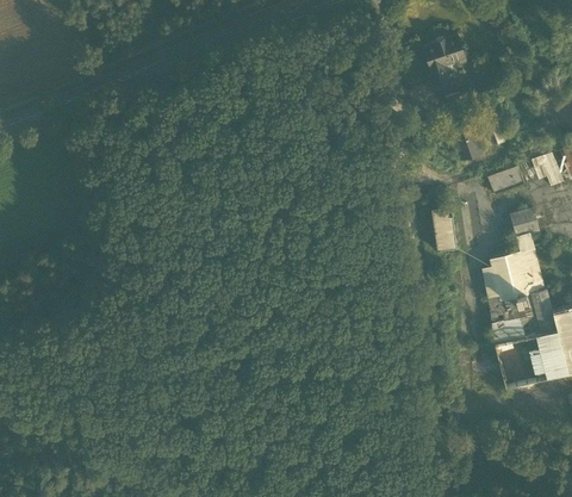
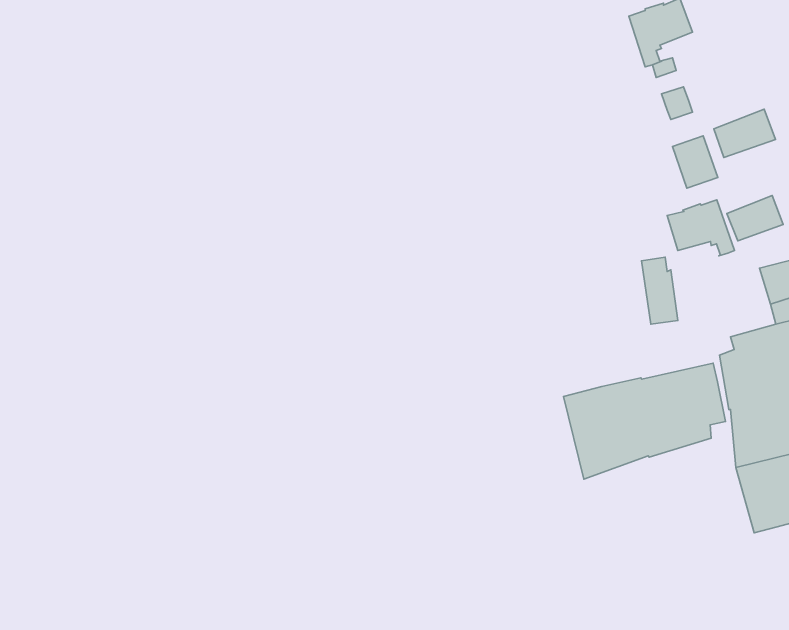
building: none -> [714,109,776,158]
building: none -> [667,200,734,256]
building: none -> [564,363,726,479]

